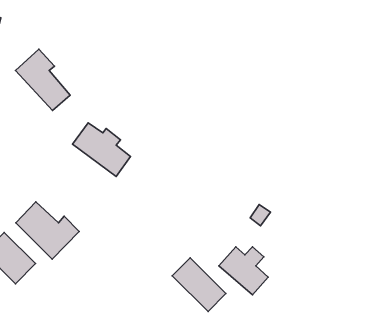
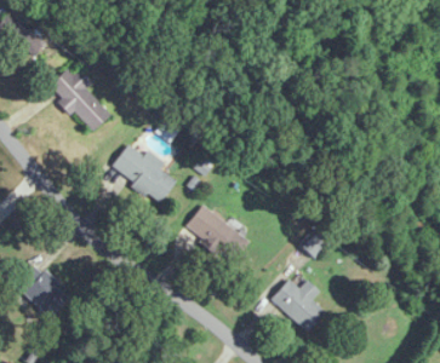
building: [16,202,79,259] -> none
building: [172,258,226,311] -> [187,203,245,261]

